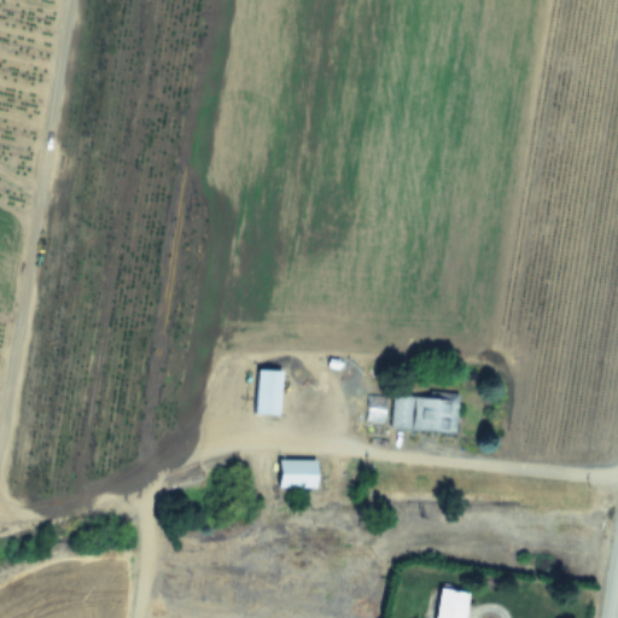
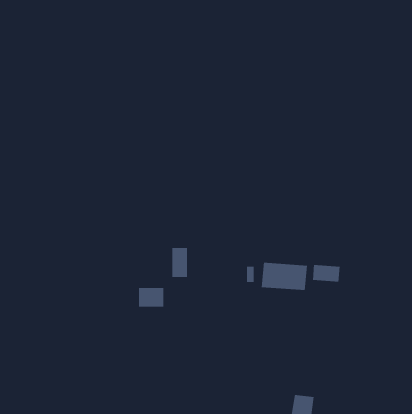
building: none -> [312,264,340,282]
building: [280,459,319,488] -> [138,288,164,307]

